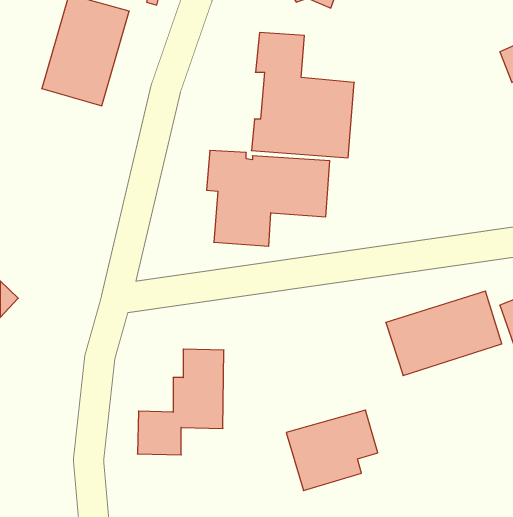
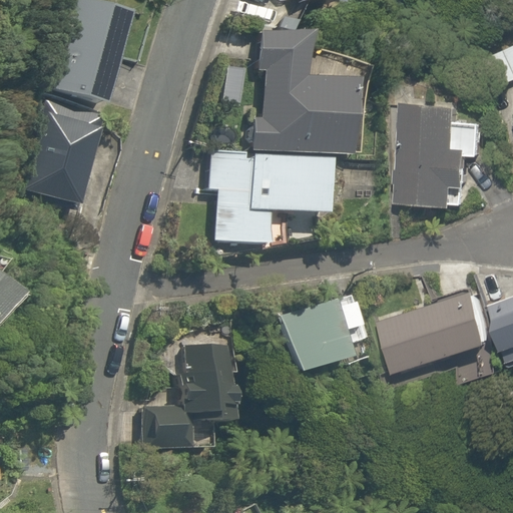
building: none -> [21,98,106,210]
building: none -> [404,100,480,203]
building: [286,410,378,491] -> [279,294,369,373]

